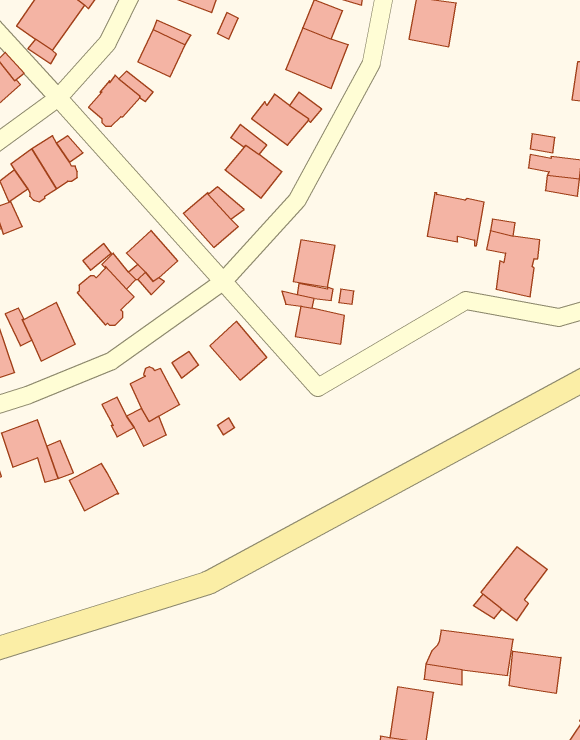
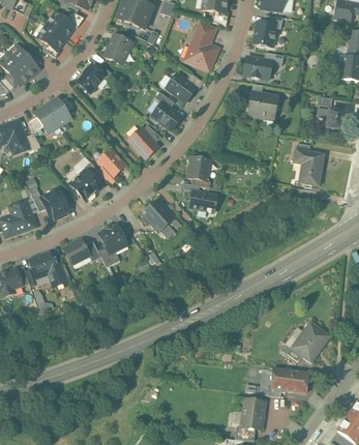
building: none -> [242,55,273,81]
building: [427,193,484,246] -> [247,90,278,119]
building: [69,463,119,511] -> [63,238,90,264]
building: [509,651,561,693] -> none

